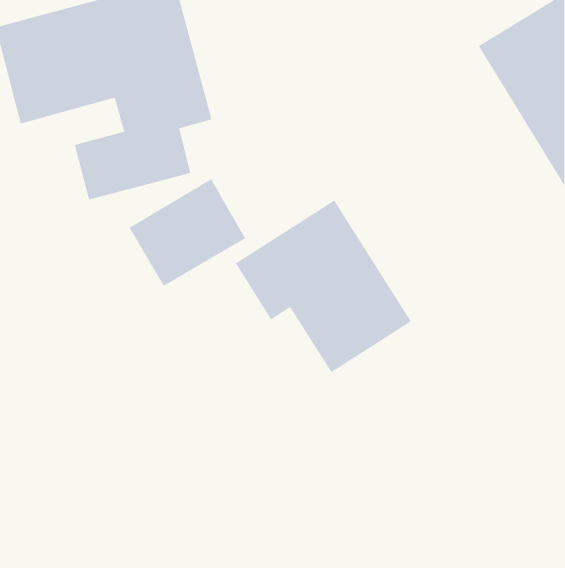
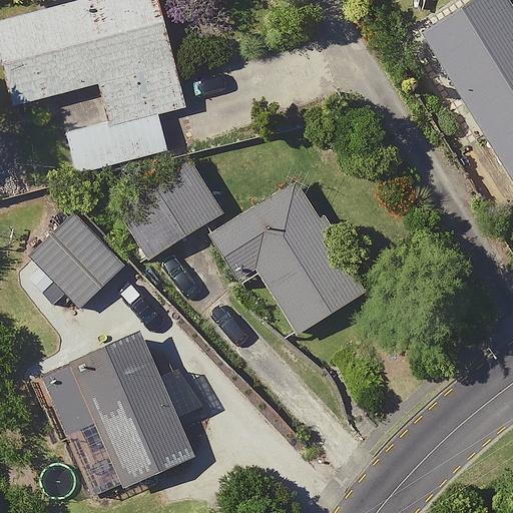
building: none -> [26,211,120,306]
building: none -> [45,325,195,498]

